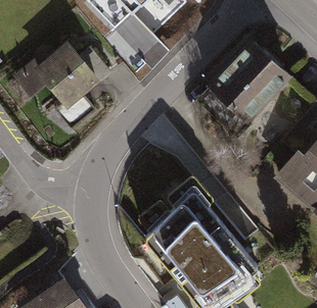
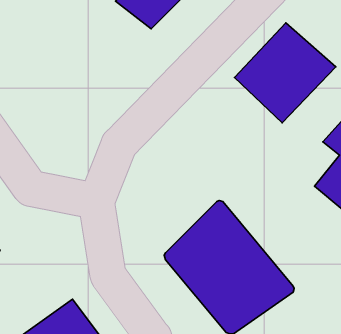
building: [14,40,103,131] -> none

